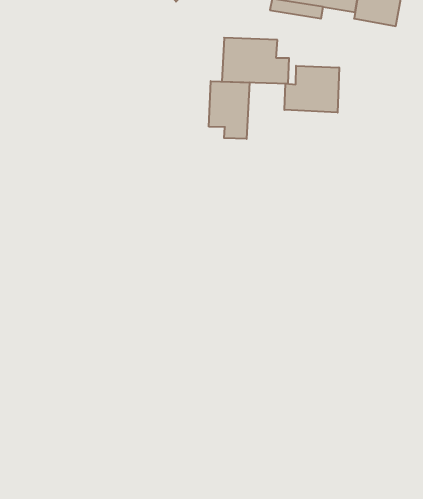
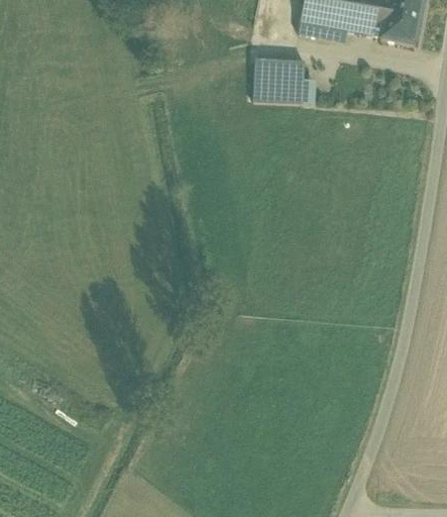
building: [284,66,339,113] -> none
building: [209,81,249,139] -> none

